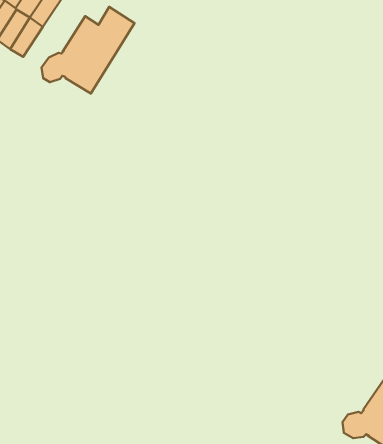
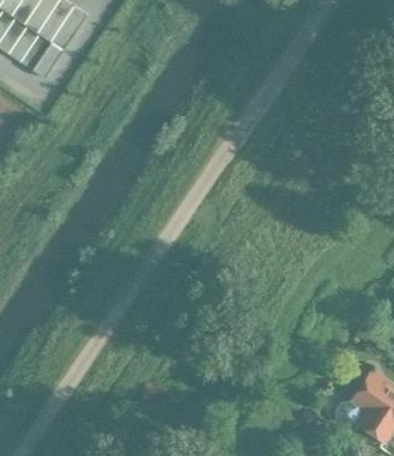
building: [42,7,135,93] -> none

